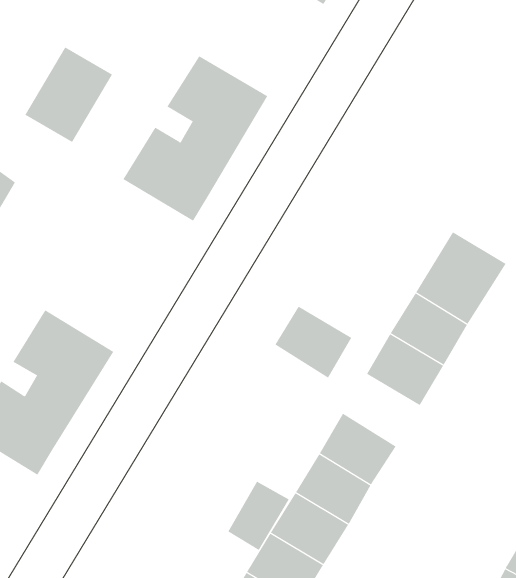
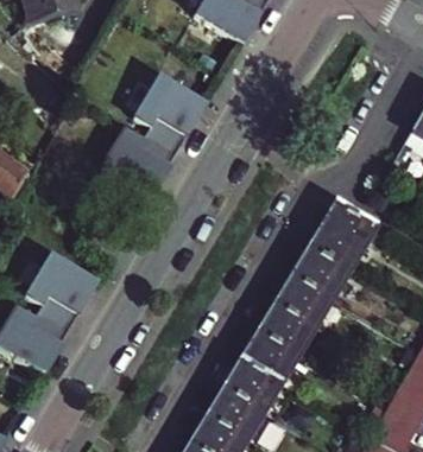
building: [24,47,113,143] -> none
building: [274,306,352,378] -> [259,301,314,352]
building: [227,481,290,551] -> none

